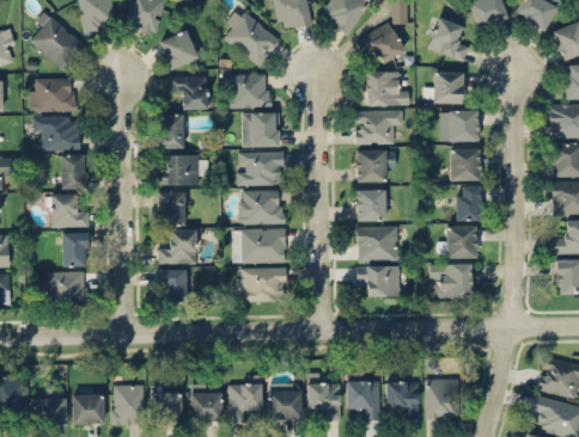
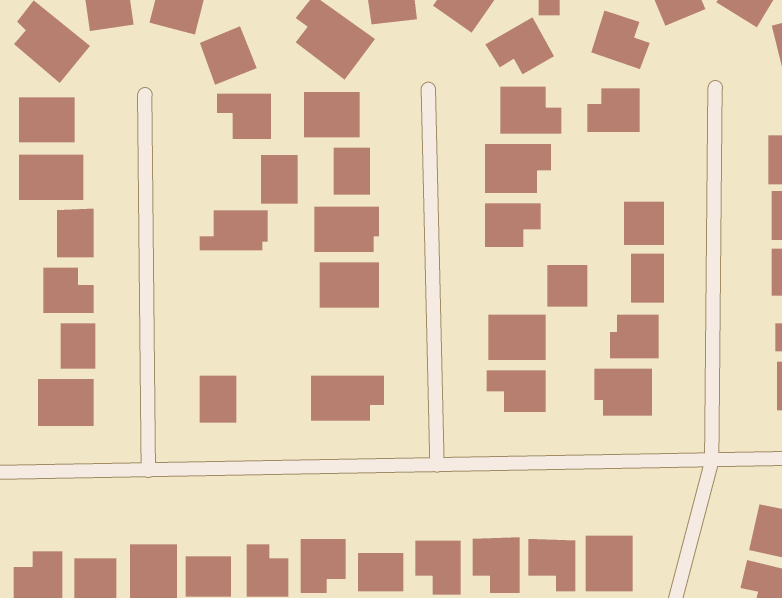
building: [440,110,477,141] -> none
building: [158,113,184,148] -> [260,154,299,205]
building: [356,190,385,220] -> [547,264,588,308]
building: [158,191,184,226] -> none
building: [231,229,287,263] -> none
building: [159,230,197,263] -> none

